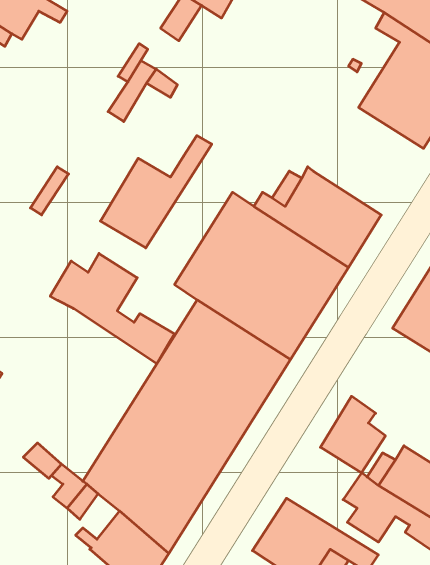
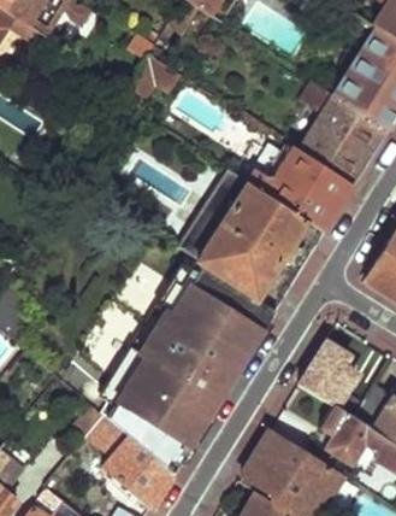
building: none -> [295,84,389,187]
building: [100,136,212,248] -> none
building: [50,253,174,364] -> none

